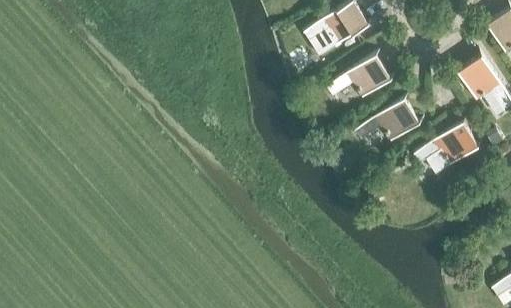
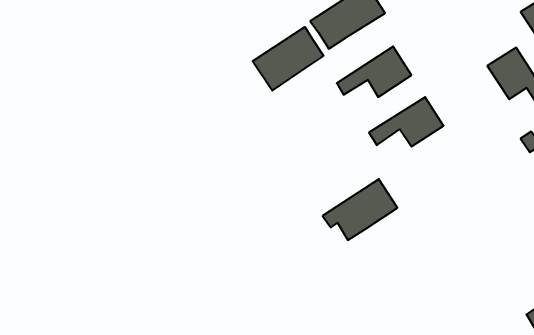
building: none -> [253,27,323,91]
building: [414,121,479,174] -> [323,179,397,240]

